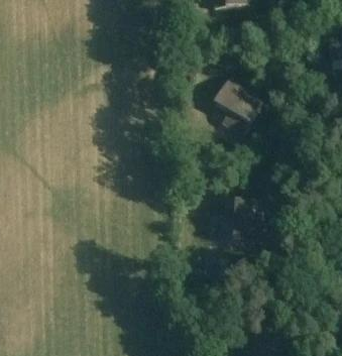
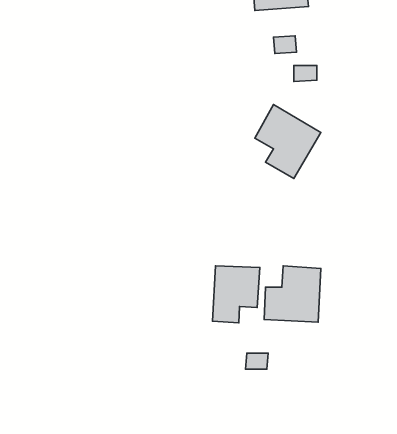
building: none -> [213,266,260,323]

